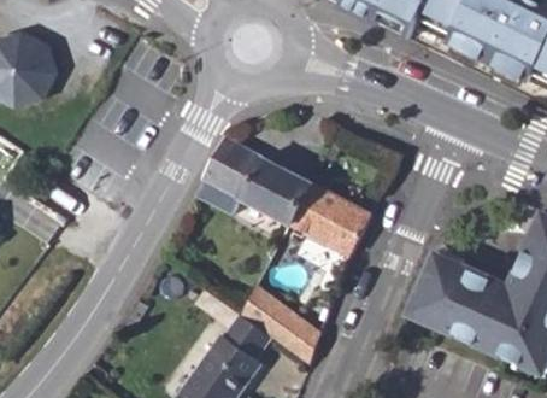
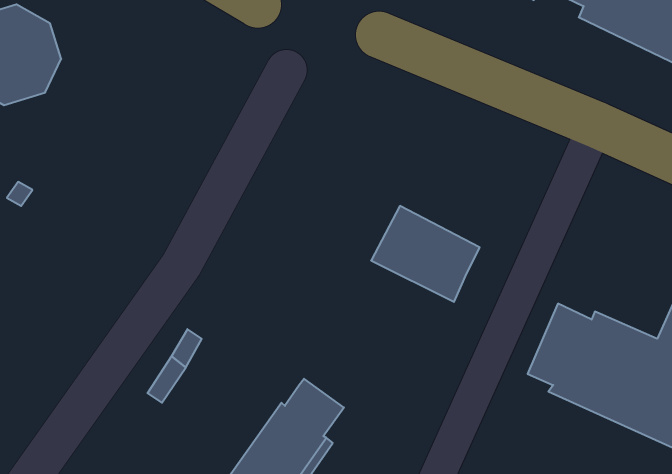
building: [202,137,312,223] -> none
building: [240,285,322,363] -> none

